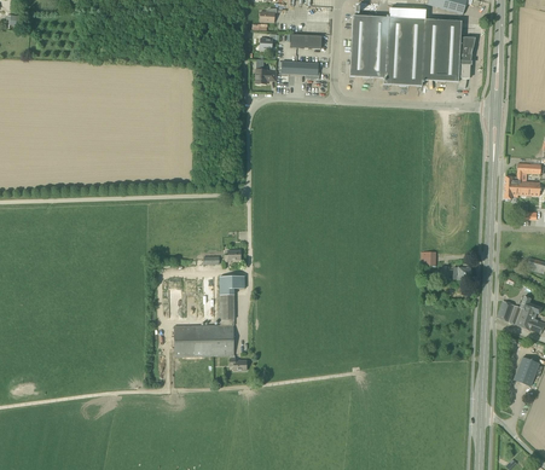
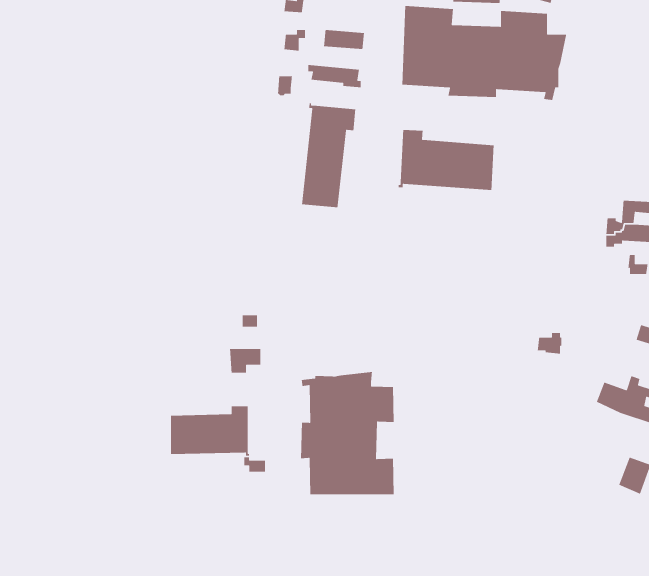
building: none -> [301,102,356,208]
building: none -> [398,129,495,191]
building: none -> [300,371,395,495]

